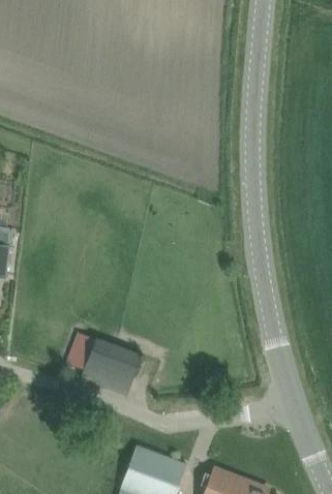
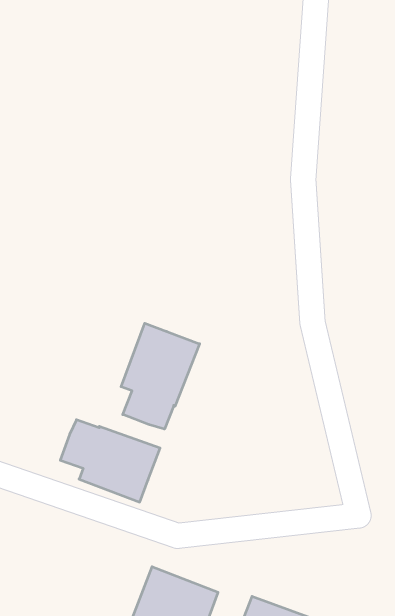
building: none -> [121,323,200,429]

